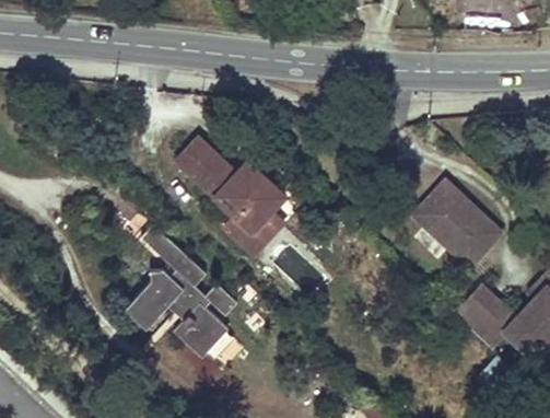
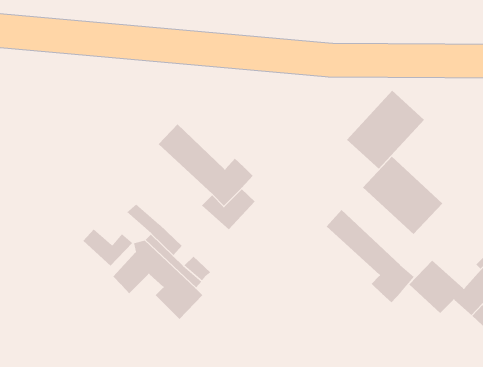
building: none -> [346,90,425,170]
building: none -> [326,209,415,303]
building: none -> [83,229,133,267]

